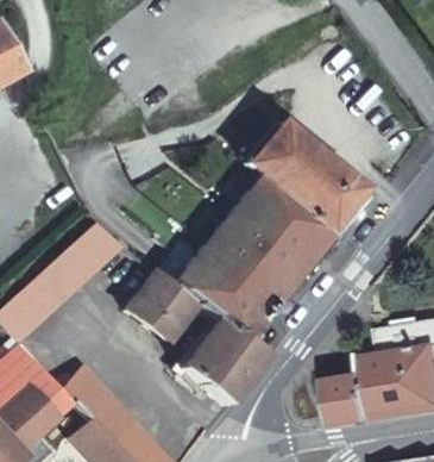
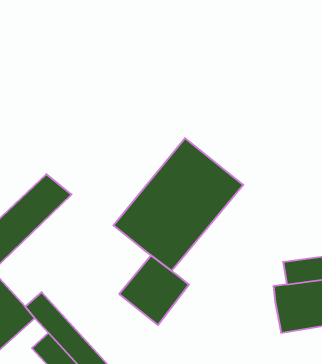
building: [244,126,357,231] -> none
building: [125,271,195,343] -> none
building: [335,379,376,423] -> none

